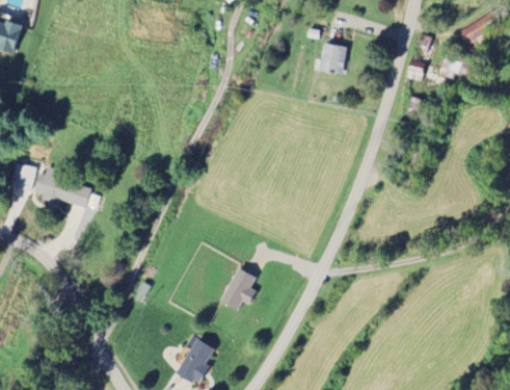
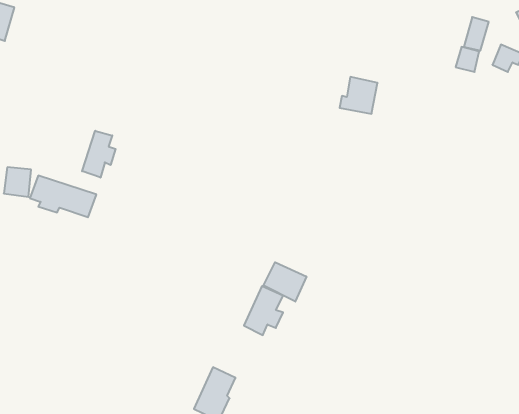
building: [314,42,347,74] -> [340,77,378,114]
building: none -> [82,131,116,178]
building: none -> [263,262,306,302]

